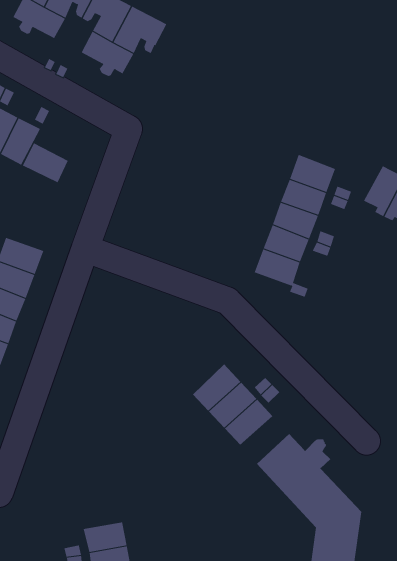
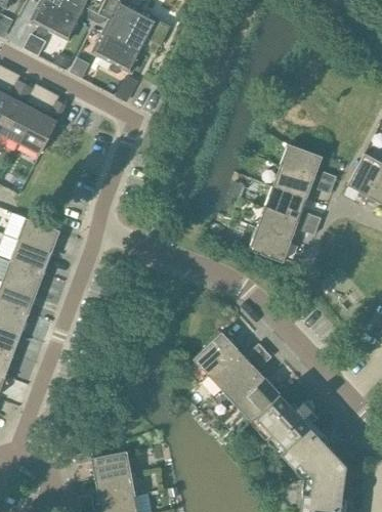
building: [22,142,69,183] -> none
building: none -> [236,379,280,422]
building: none -> [75,451,130,480]

